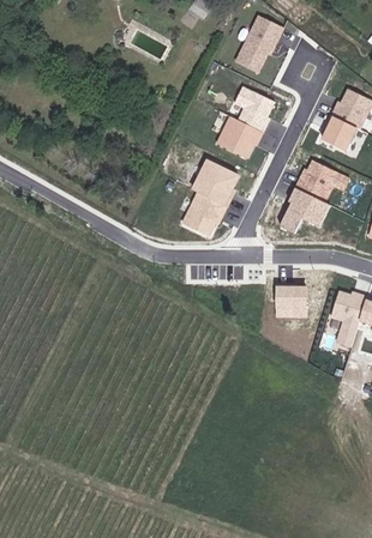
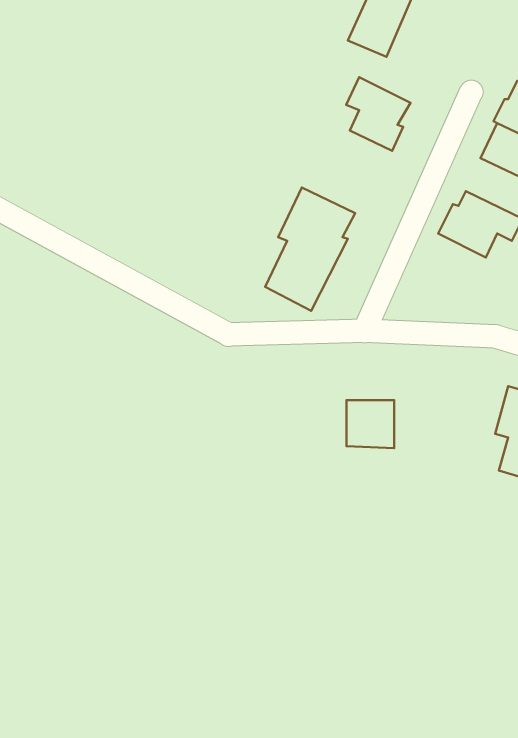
building: [215,115,264,159] -> none
building: [280,187,330,230] -> none
building: [276,285,307,316] -> [346,400,394,448]

